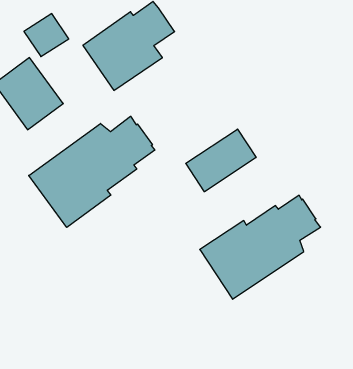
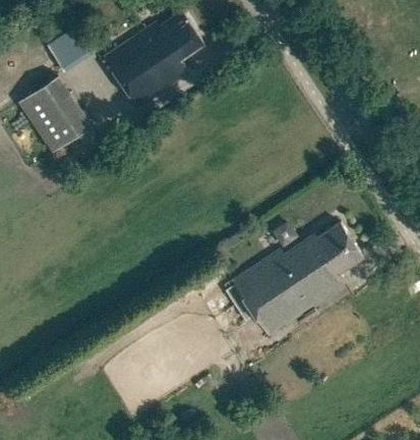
building: [29,116,155,227] -> none
building: [186,129,256,192] -> none

